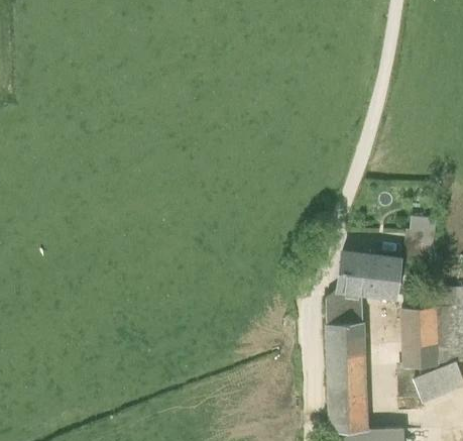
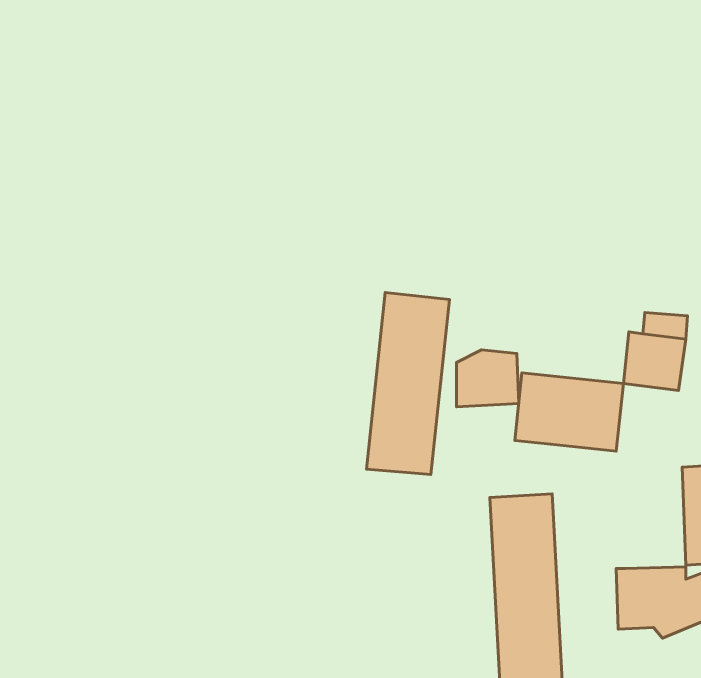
building: none -> [366,292,449,474]
building: [326,290,361,322] -> [456,350,519,407]
building: [400,305,437,362] -> none

